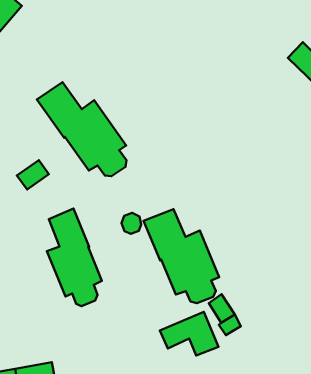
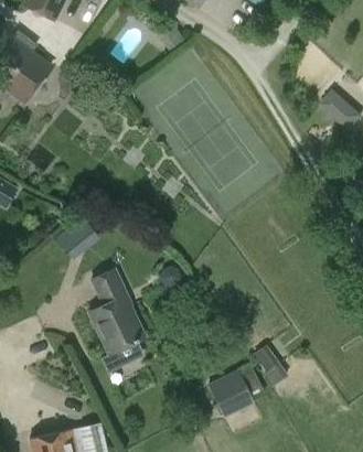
building: [37,82,126,176] -> none
building: [144,209,219,303] -> none

